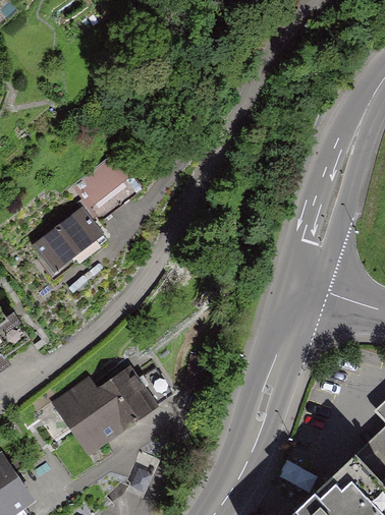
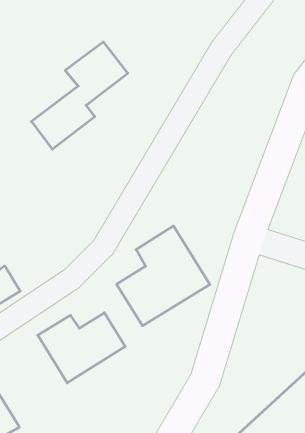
building: [31,153,144,279] -> [31,42,128,149]
building: none -> [117,226,210,326]

